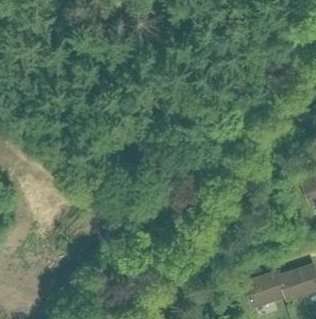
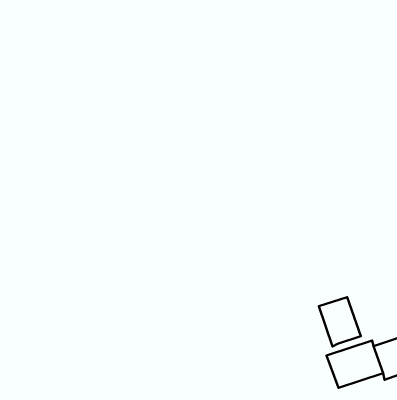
building: none -> [319,297,361,347]

